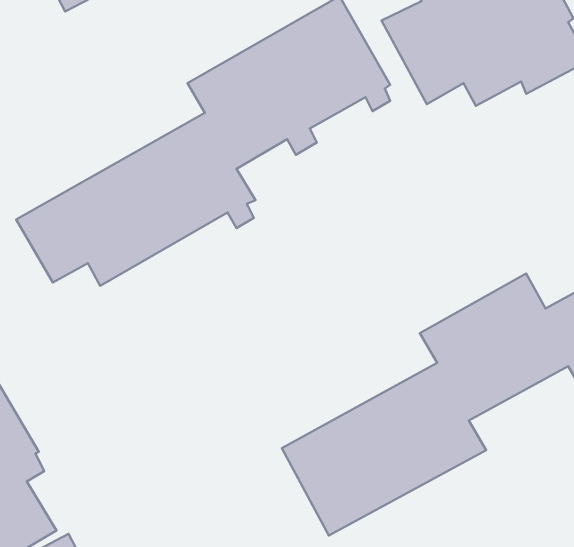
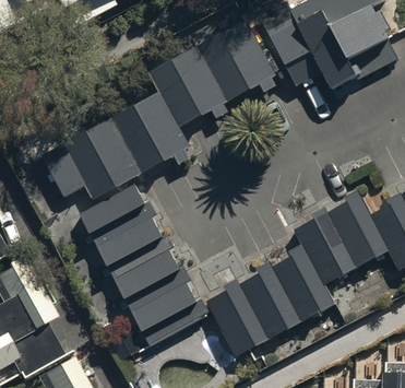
building: none -> [79,184,209,344]

